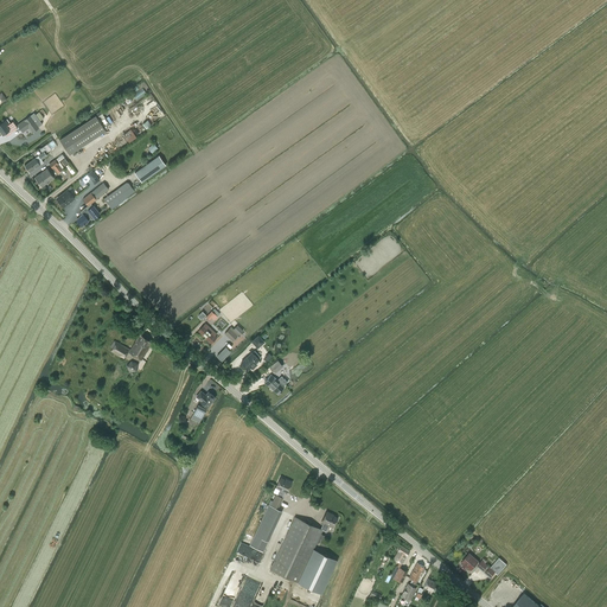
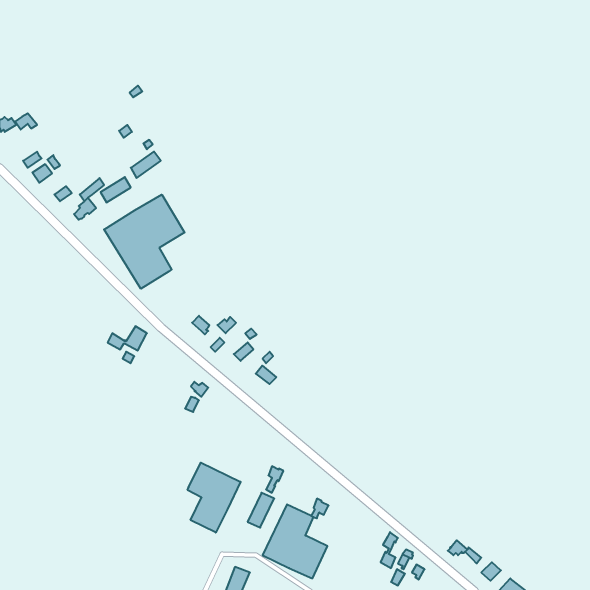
building: [58,117,104,155] -> none
building: none -> [104,195,185,289]
building: none -> [188,463,241,533]

